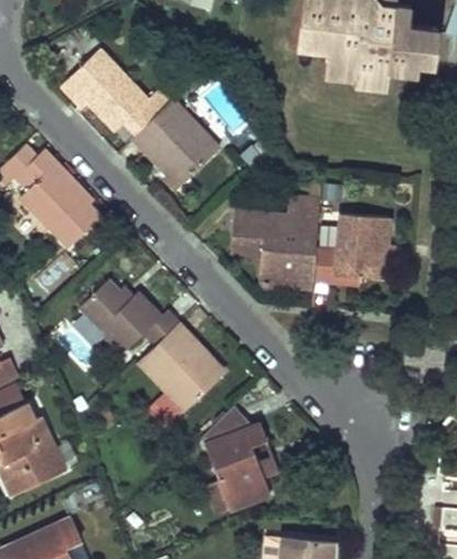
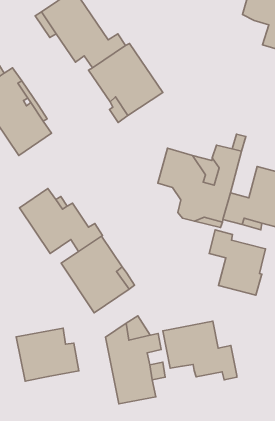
building: none -> [209,230,266,295]
building: none -> [163,321,237,380]
building: none -> [16,328,79,381]

